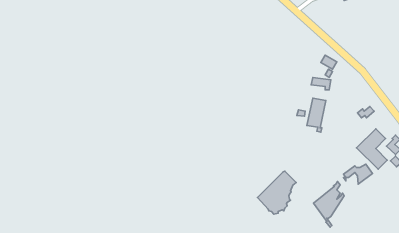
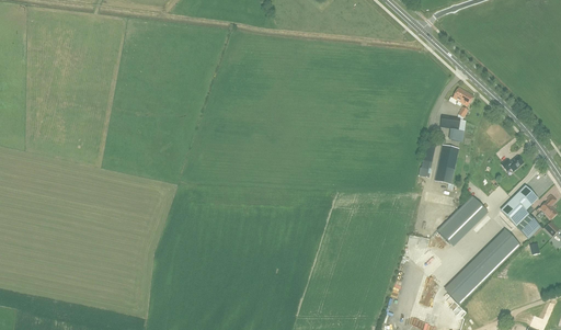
building: [257,171,296,214] -> [437,193,489,250]

